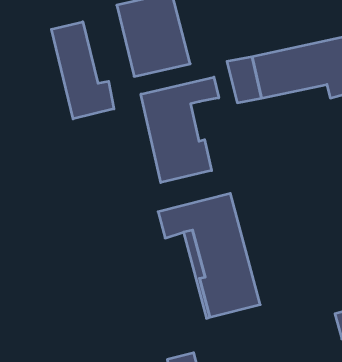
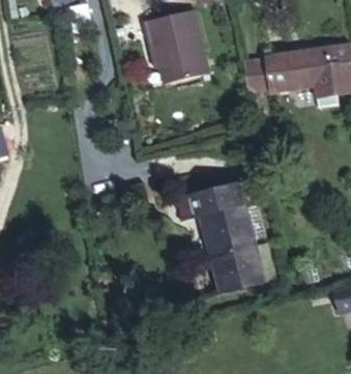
building: [51,22,114,119] -> none
building: [141,77,219,183] -> none

